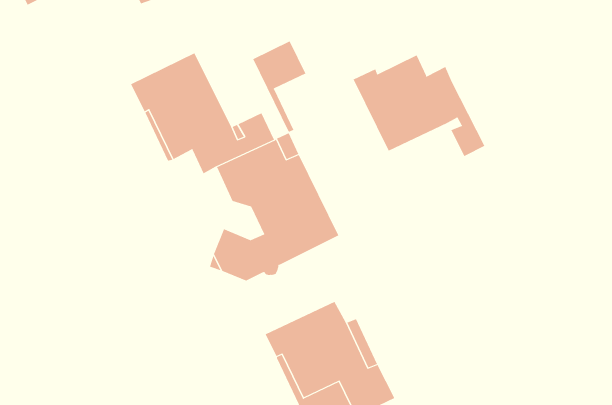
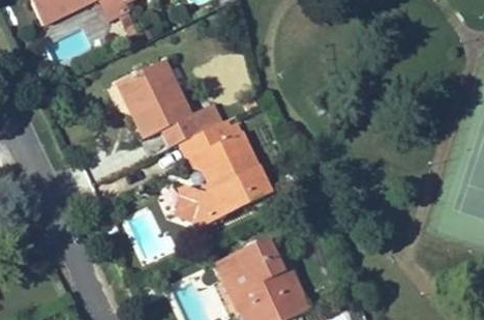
building: [252,40,306,133] -> none
building: [353,54,485,157] -> none

